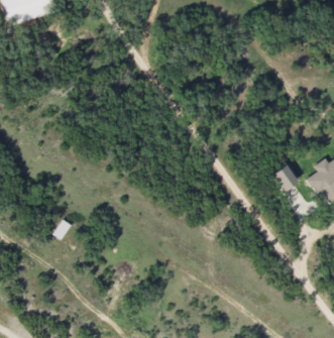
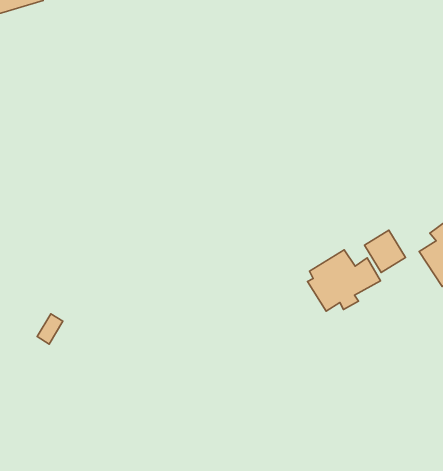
building: none -> [308,250,380,311]

